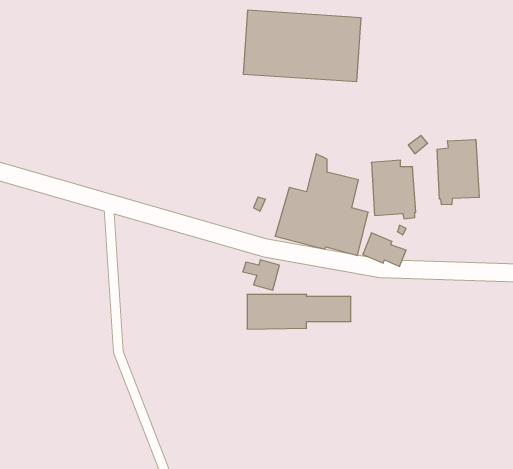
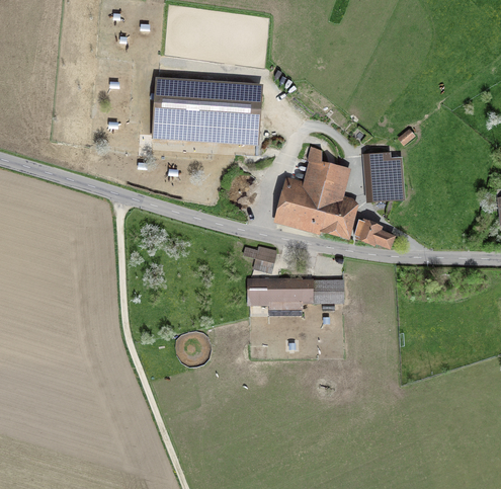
building: [243,10,361,82] -> [152,78,262,145]
building: [437,139,479,205] -> none

